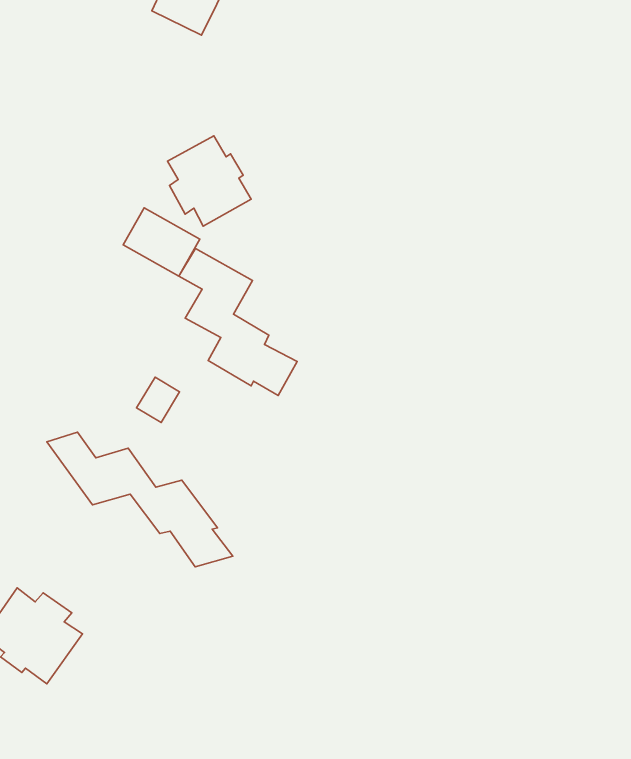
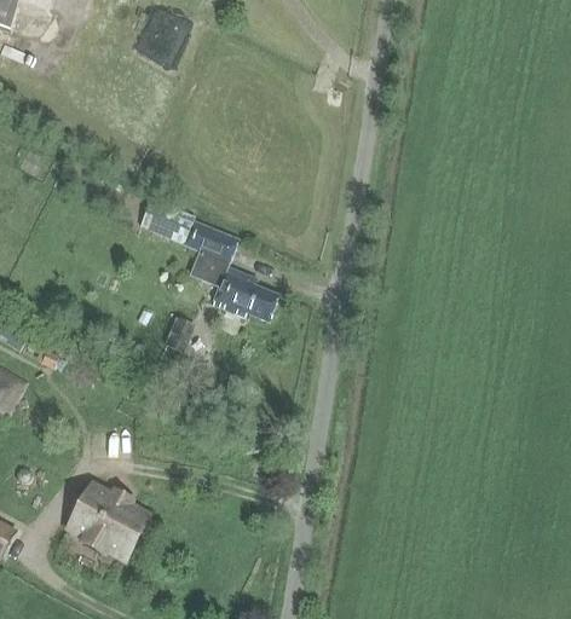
building: [167,136,251,226] -> none
building: [47,432,233,567] -> none

